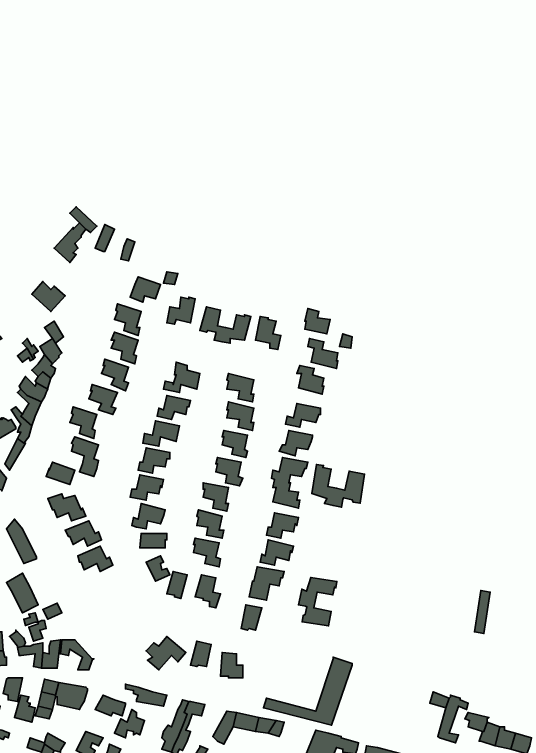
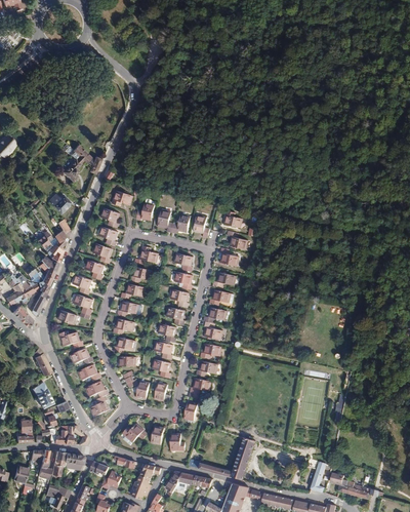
building: [312,464,365,507] -> none
building: none -> [85,381,109,417]
building: [298,577,337,626] -> none

